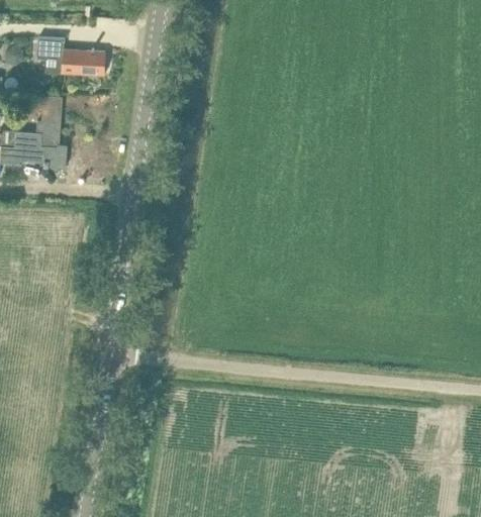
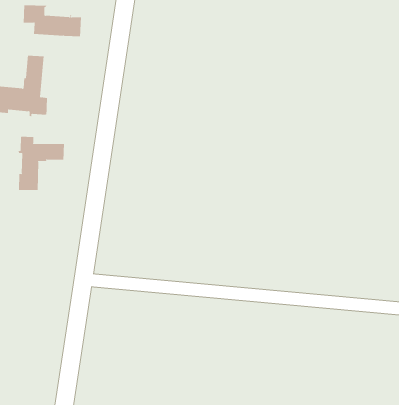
building: none -> [18,136,65,191]

